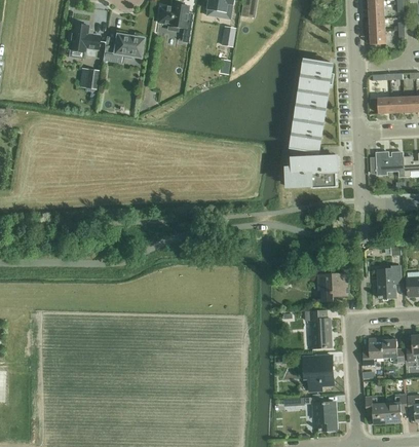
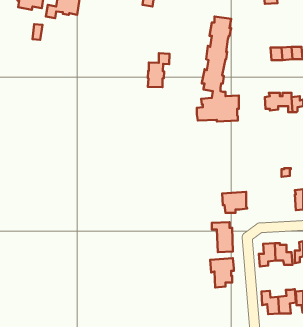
building: none -> [148,53,169,87]
building: [377,266,402,299] -> none
building: [305,397,336,431] -> none

